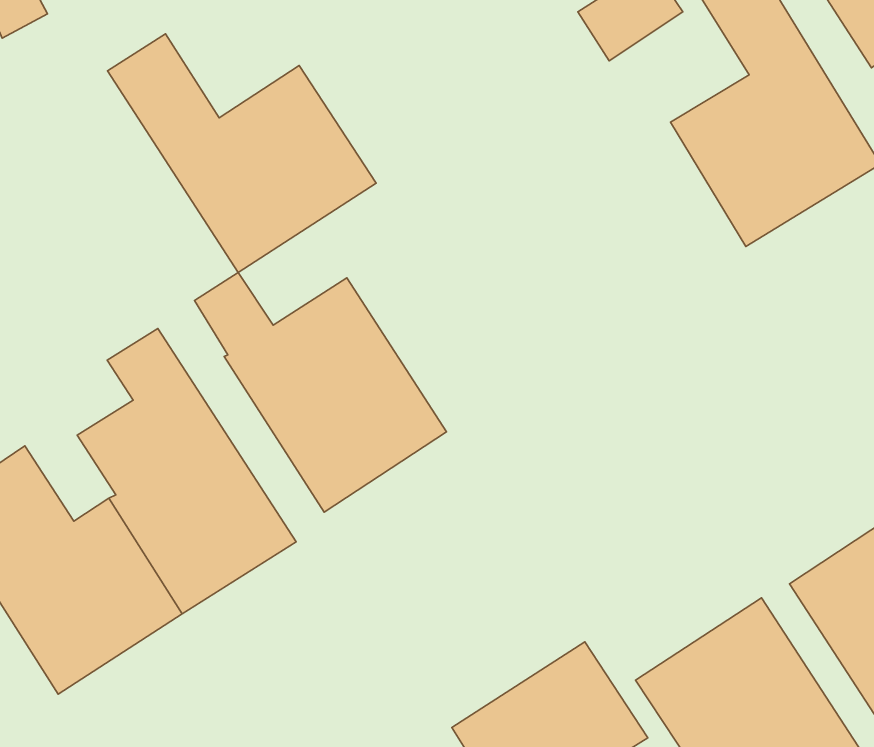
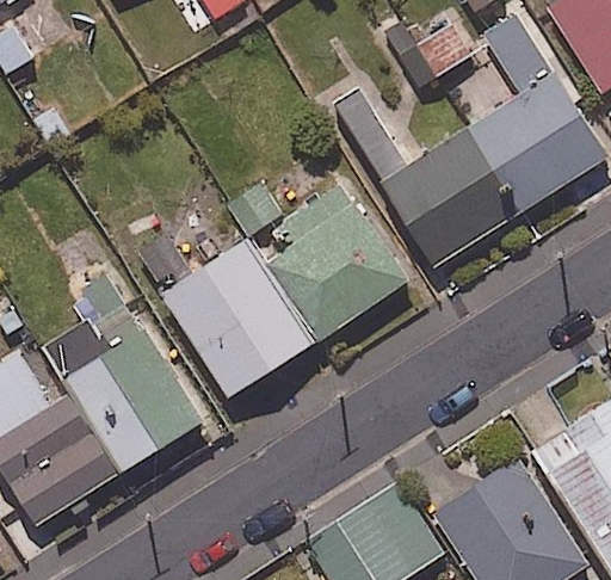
building: [108,34,376,273] -> none
building: none -> [325,84,513,270]
building: none -> [227,185,403,343]

